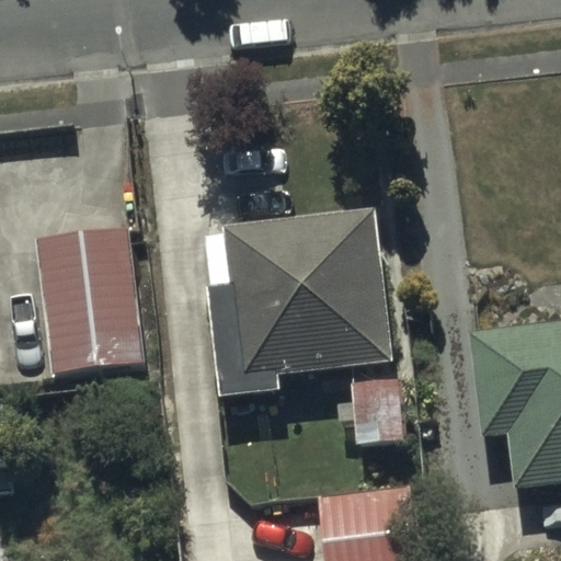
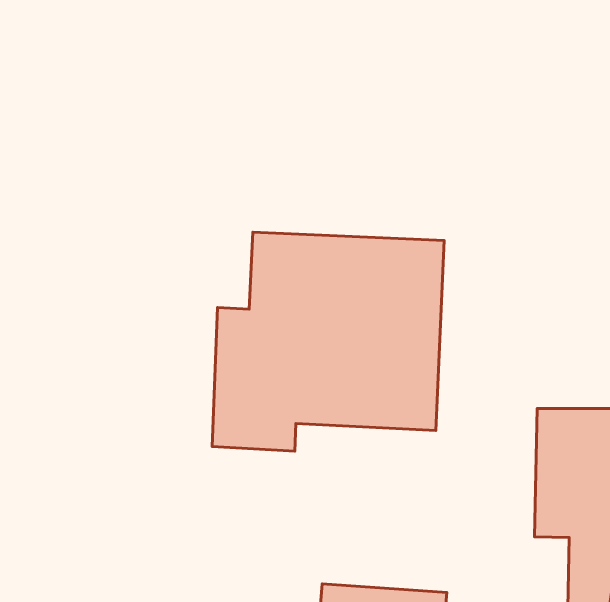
building: [36,231,144,373] -> none

